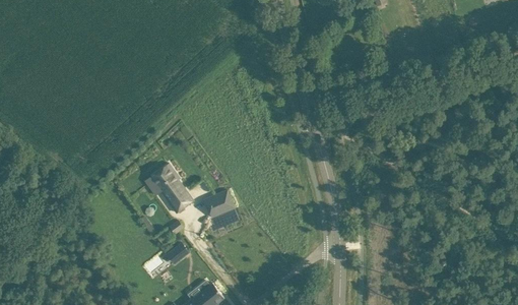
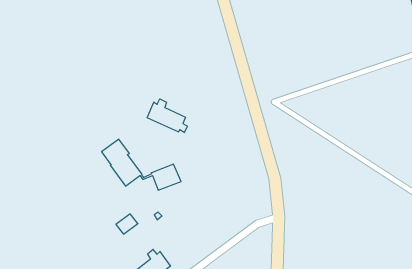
building: none -> [147,99,187,133]

